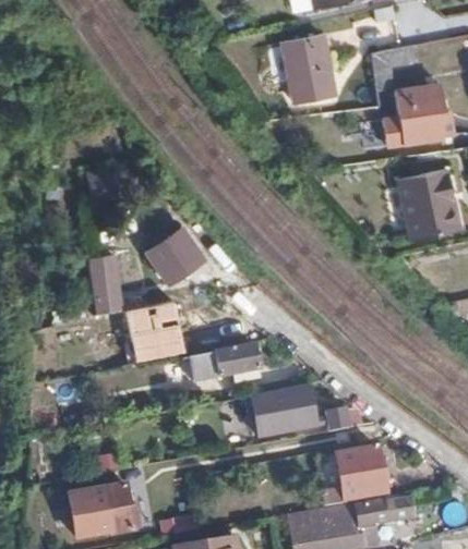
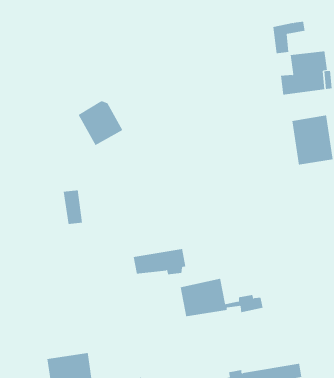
building: [286,33,334,96] -> none
building: [144,218,204,278] -> [78,101,123,146]
building: [128,301,187,361] -> none
building: [321,444,383,503] -> none

